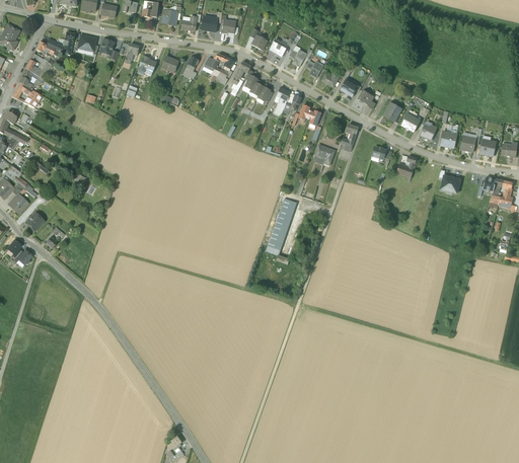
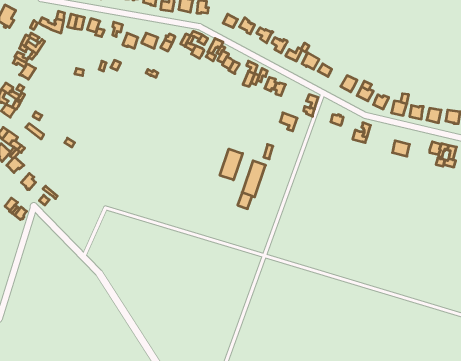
building: none -> [220,149,243,180]

